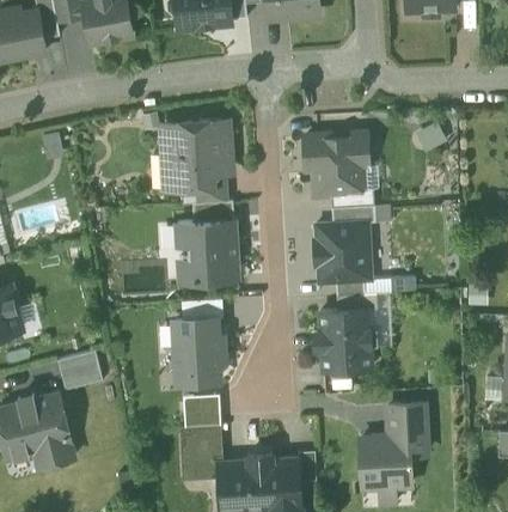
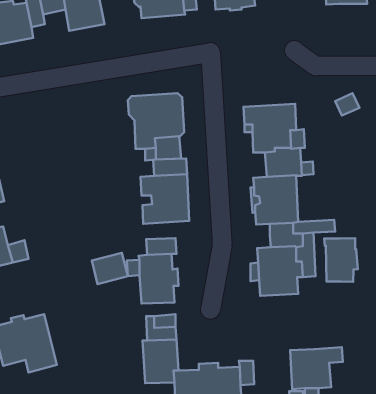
building: none -> [324,238,358,282]
building: [59,349,103,388] -> [92,253,128,284]
building: [390,402,424,435] -> none

